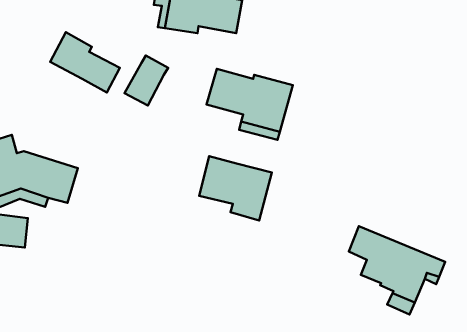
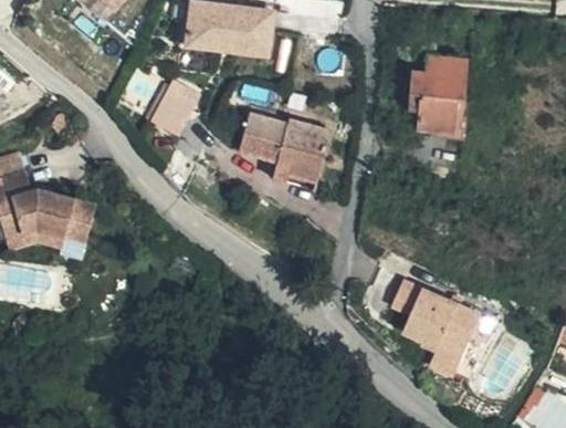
building: none -> [408,53,465,133]
building: [50,32,120,92] -> none
building: [199,156,272,221] -> none

